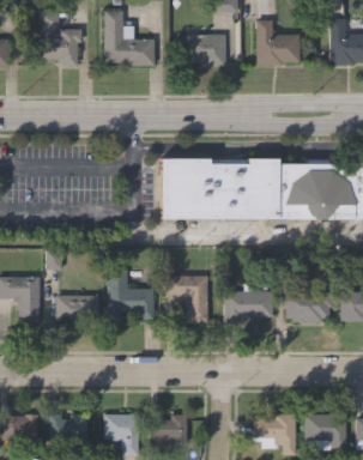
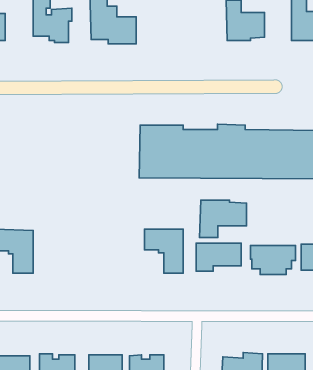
building: [187,34,226,66] -> none
building: none -> [199,200,246,238]
building: [107,262,156,322] -> none
building: [56,296,99,327] -> none

